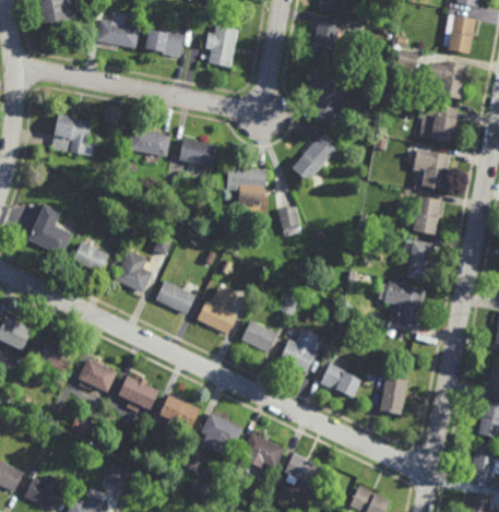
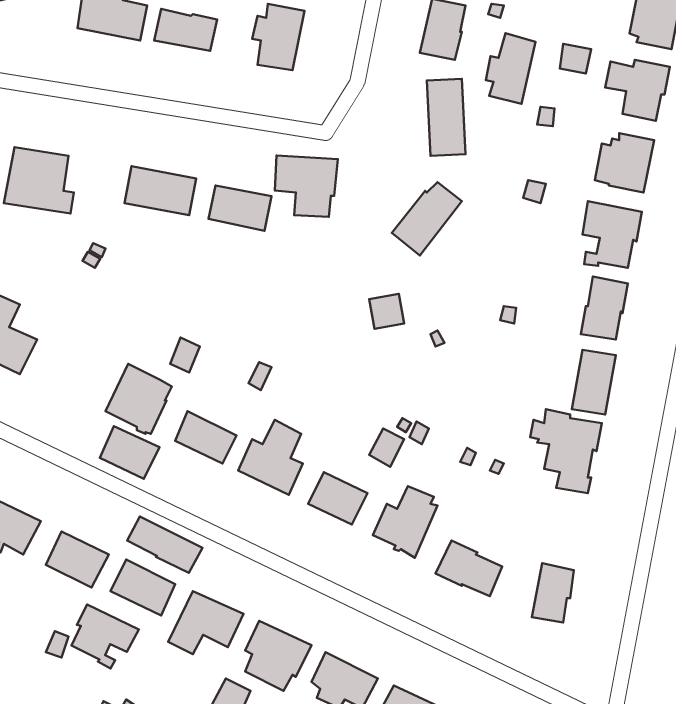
building: none -> [486,33,536,104]
building: [227,168,266,206] -> [275,156,338,217]
building: [72,243,109,276] -> [100,426,159,479]
building: none -> [127,516,202,573]
building: none -> [71,604,139,669]

